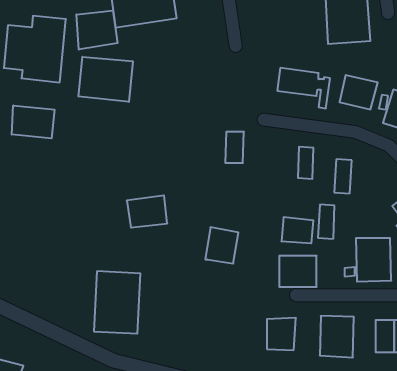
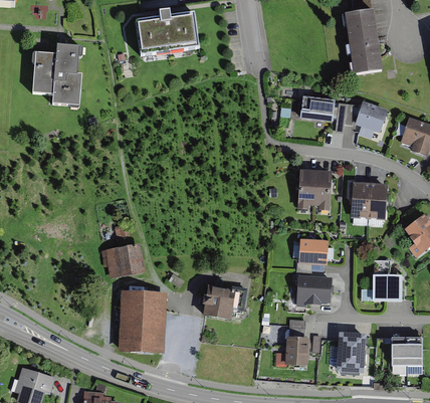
building: [76,11,118,50] -> none
building: [78,57,133,102] -> none
building: [12,105,54,138] -> none
building: [225,132,244,163] -> [298,170,316,200]
building: [127,195,167,228] -> [102,242,142,273]
building: [318,205,334,239] -> [366,183,382,216]
building: [205,227,238,264] -> [201,282,233,318]

